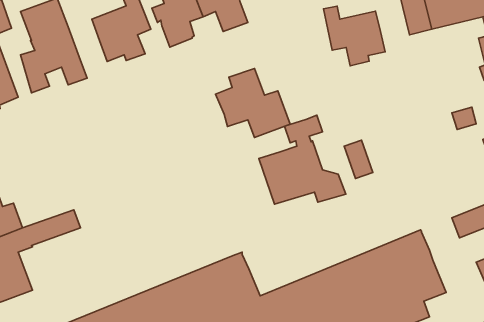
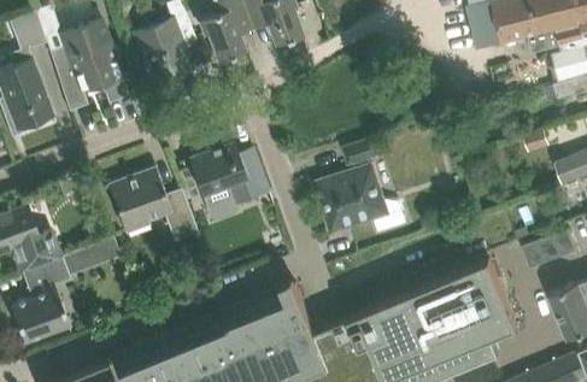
building: [323,6,385,66] -> none
building: [215,68,290,138] -> [188,131,269,206]
building: [344,140,373,179] -> none
building: none -> [108,168,198,241]

